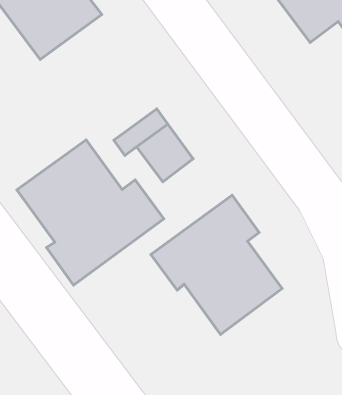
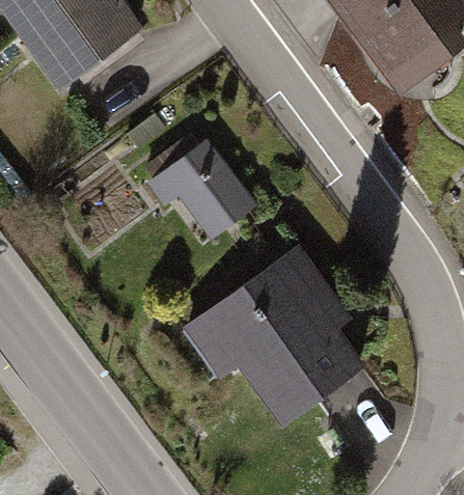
building: [17,140,164,285] -> none

